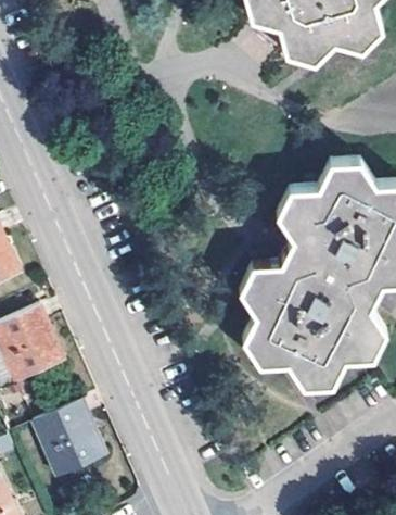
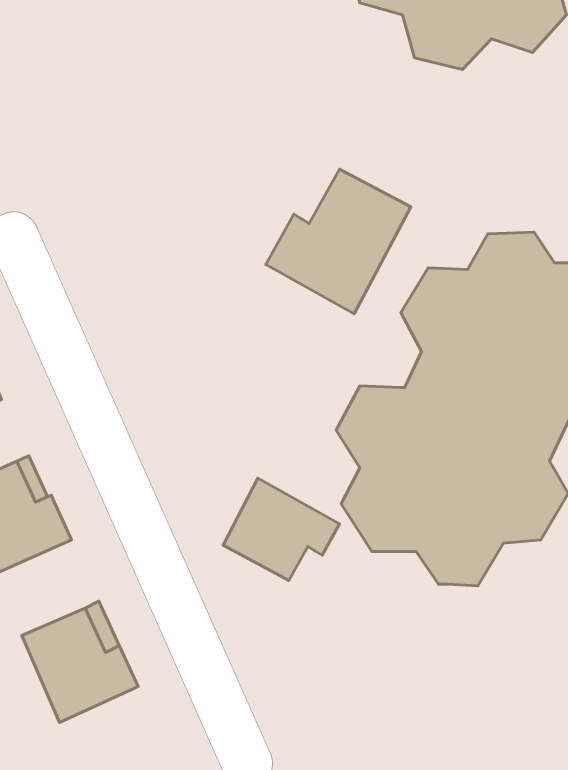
building: none -> [266,169,411,314]
building: none -> [223,478,339,580]

